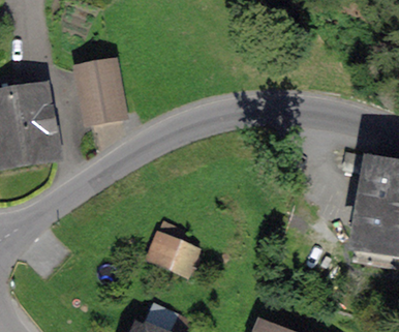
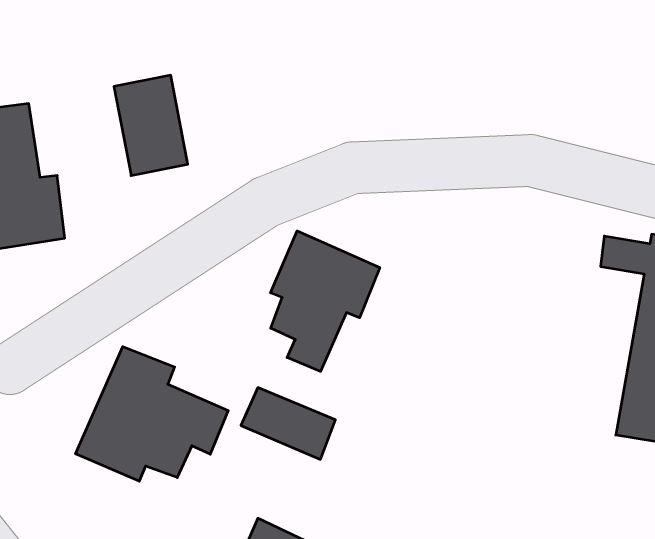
building: none -> [271,231,380,371]
building: none -> [76,347,228,481]

